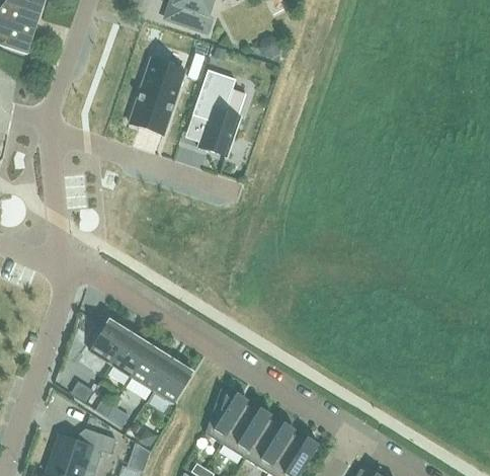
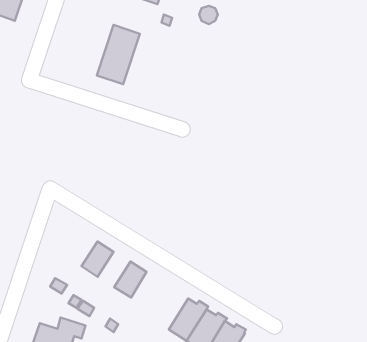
building: [192,70,245,156] -> none
building: [89,319,131,364] -> none
building: [131,345,172,390] -> none
building: [205,388,248,444] -> none

